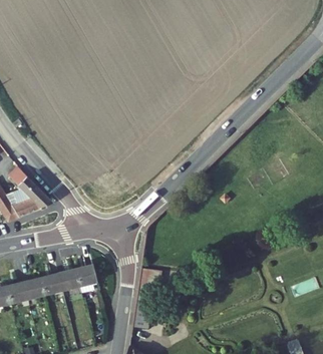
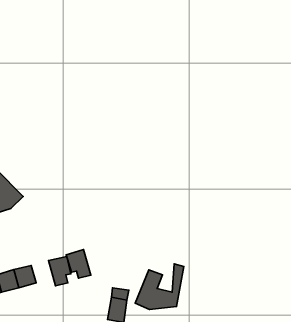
building: [58,267,82,295] -> [66,250,91,278]
building: none -> [135,264,184,309]

